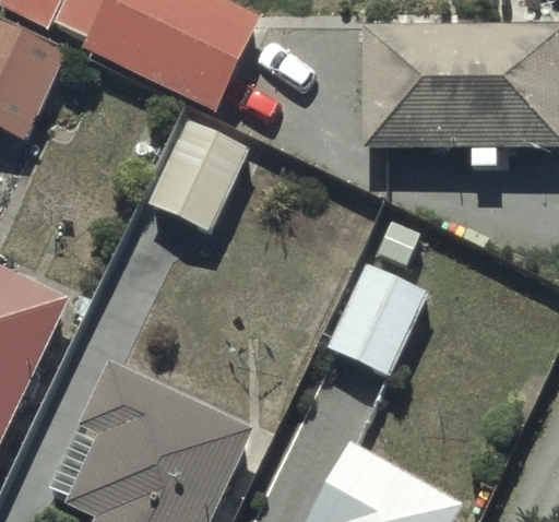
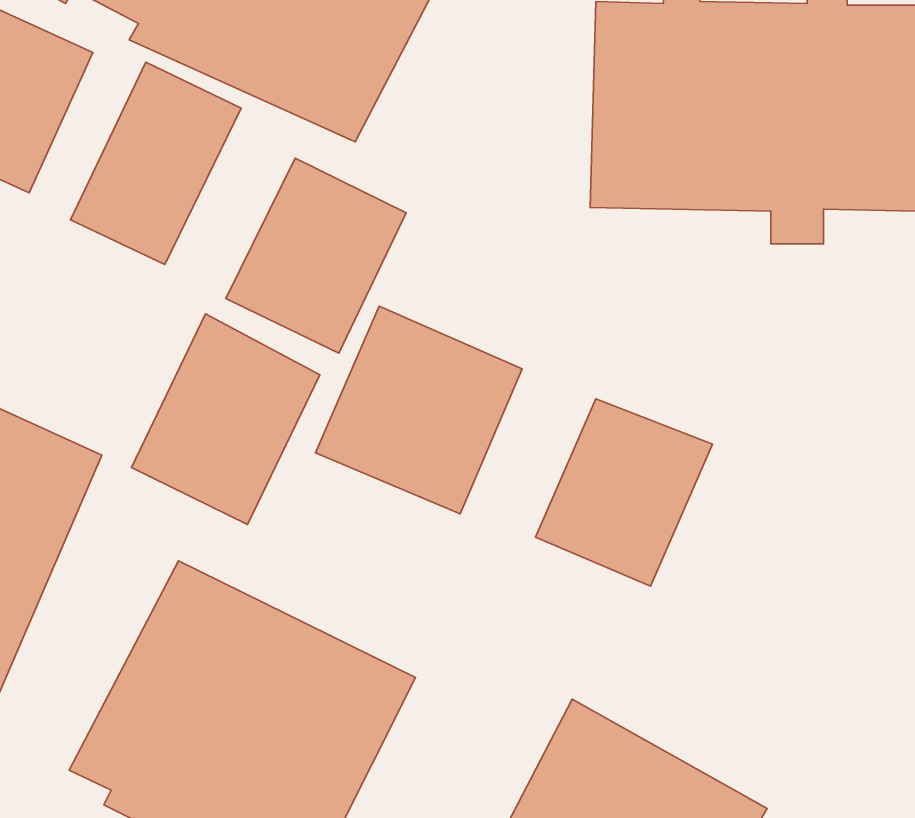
building: none -> [71,62,241,265]
building: none -> [315,306,522,514]
building: none -> [132,314,320,524]

